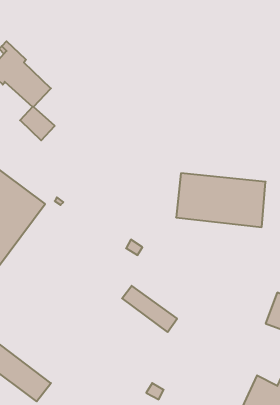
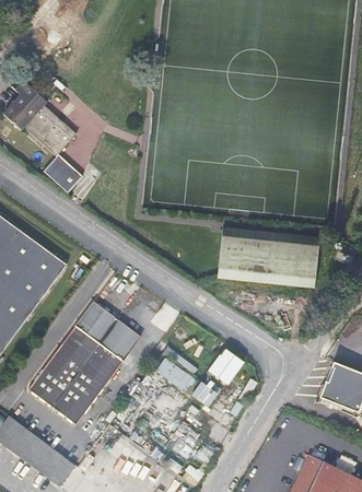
building: none -> [28,303,140,425]
building: none -> [209,347,245,385]

